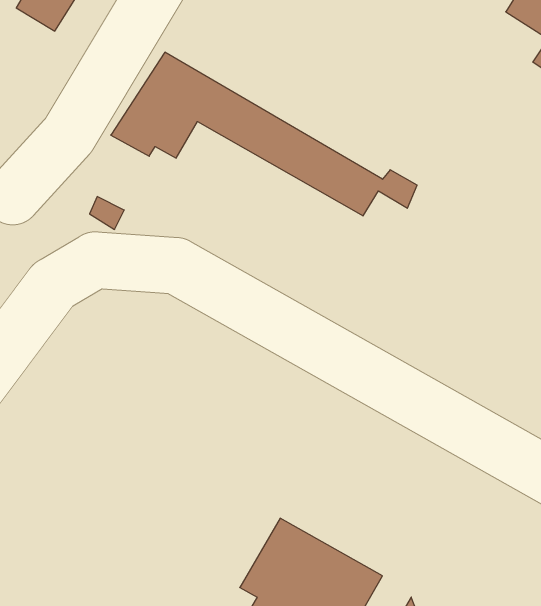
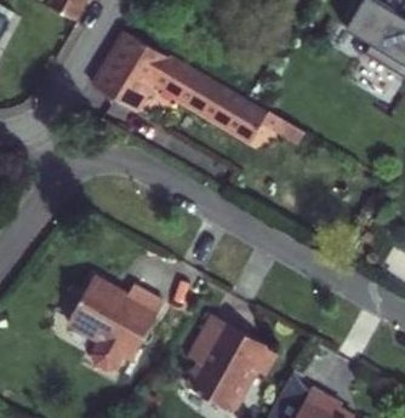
building: none -> [68,287,162,377]

